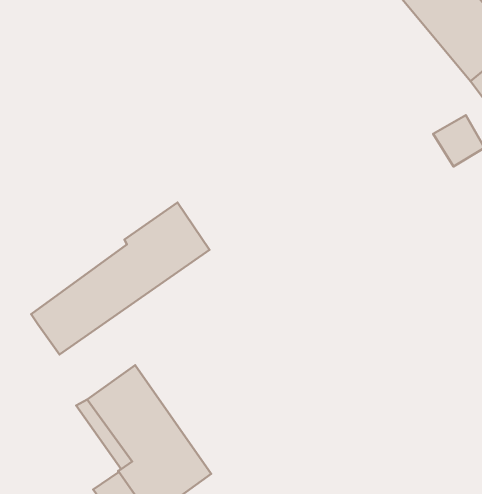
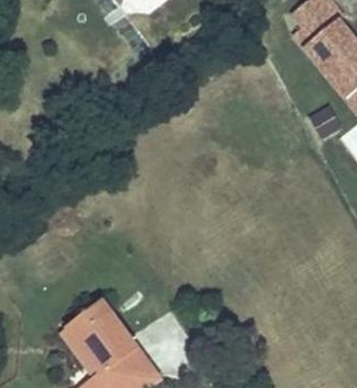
building: [31,202,210,355] -> none

